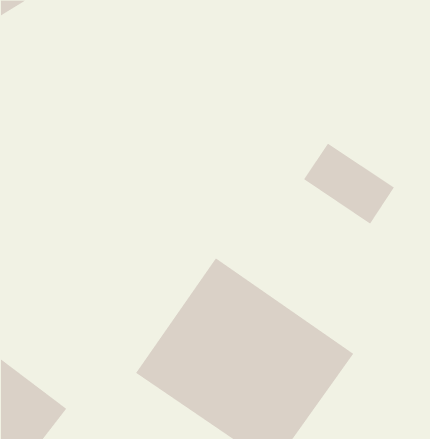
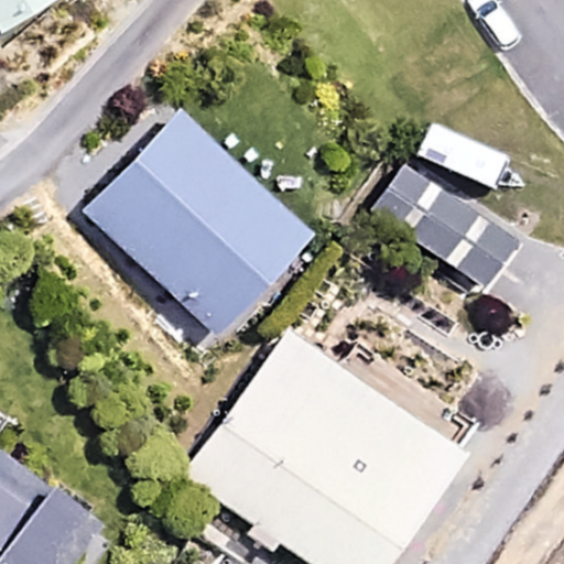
building: none -> [89,111,312,333]

